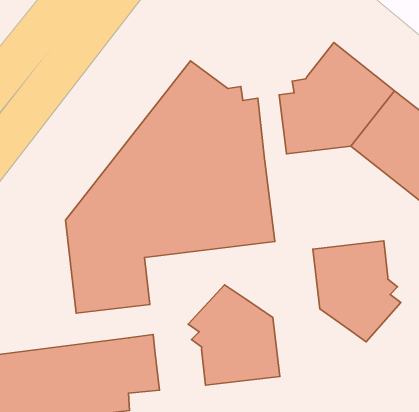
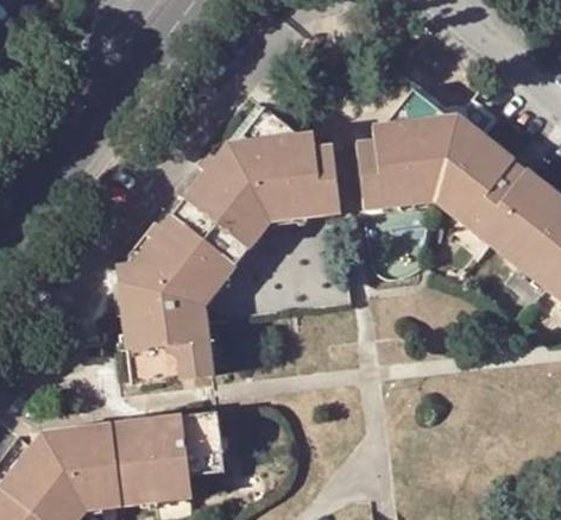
building: [313,241,401,342] -> none
building: [188,285,280,385] -> none

